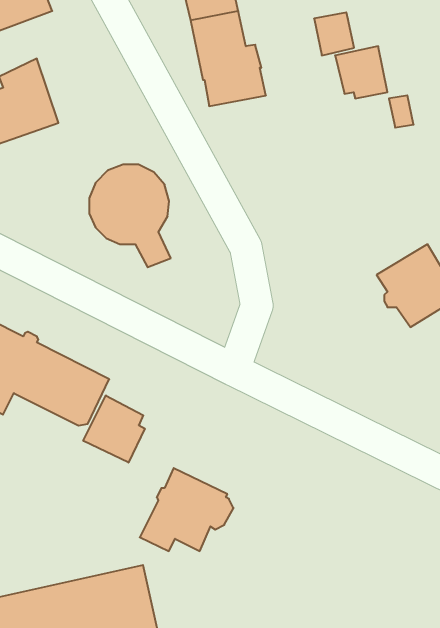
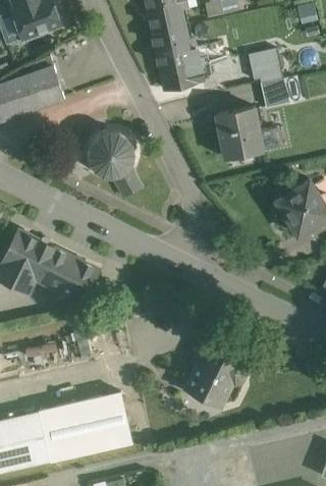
building: [314,12,354,55] -> [261,79,287,108]
building: none -> [216,107,262,159]
building: [83,395,145,463] -> none
building: [140,468,234,551] -> [184,344,247,399]

